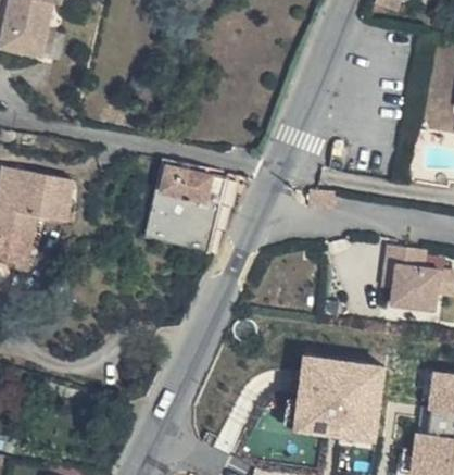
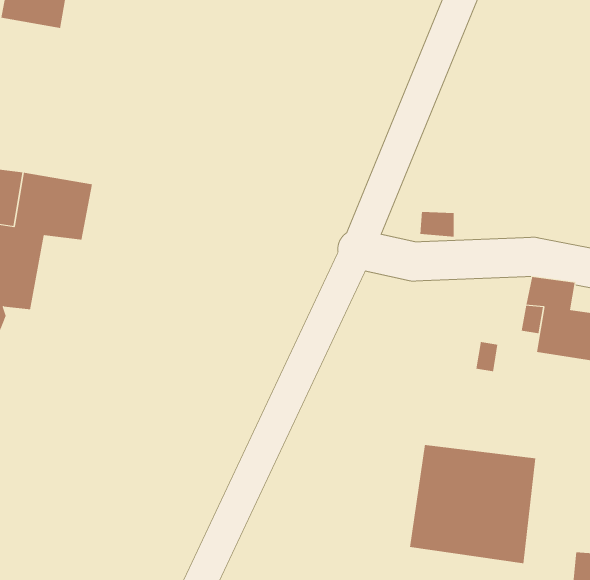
building: [140,162,227,259] -> none

